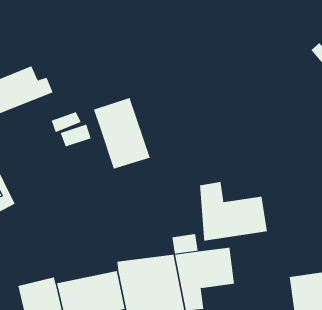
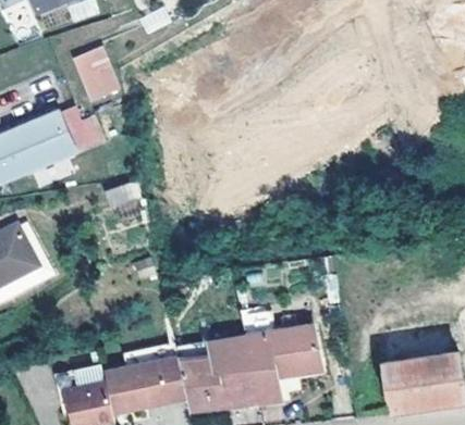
building: none -> [71,48,115,100]
building: [93,97,150,170] -> none
building: [199,181,267,241] -> none

